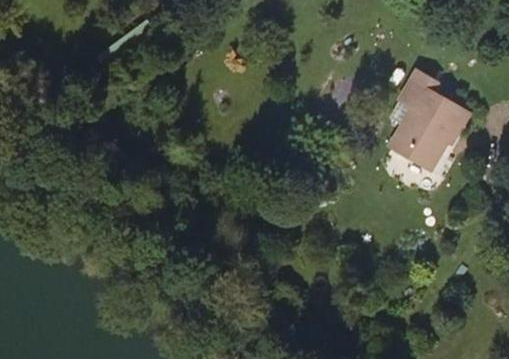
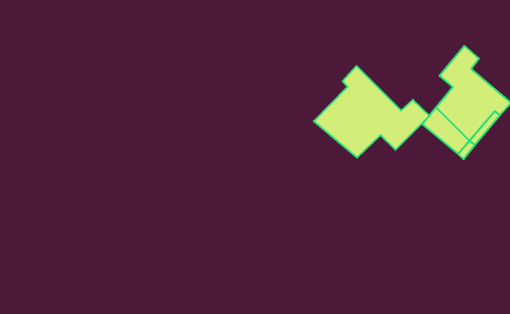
building: none -> [314,66,429,158]

